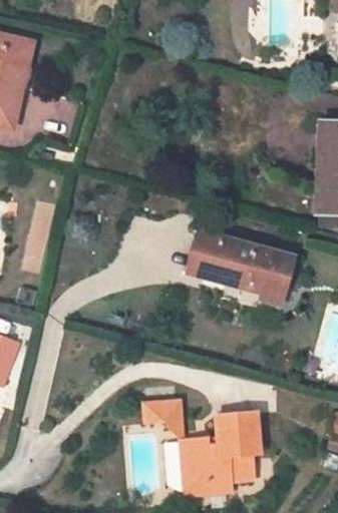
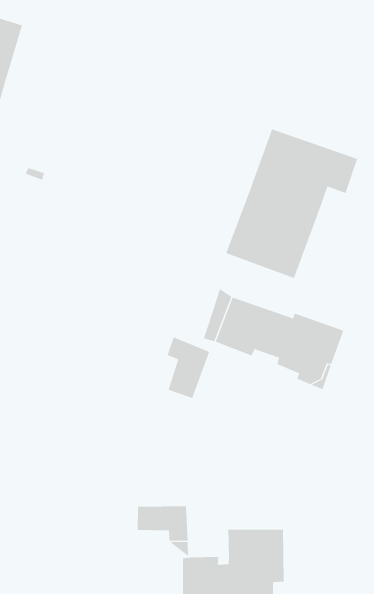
building: none -> [226,128,358,279]
building: none -> [167,337,210,399]

